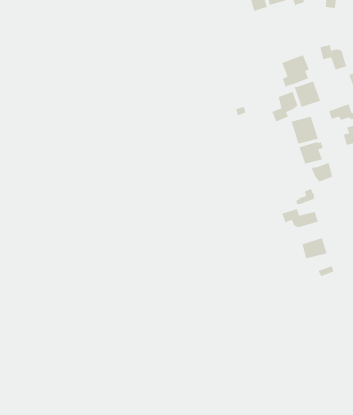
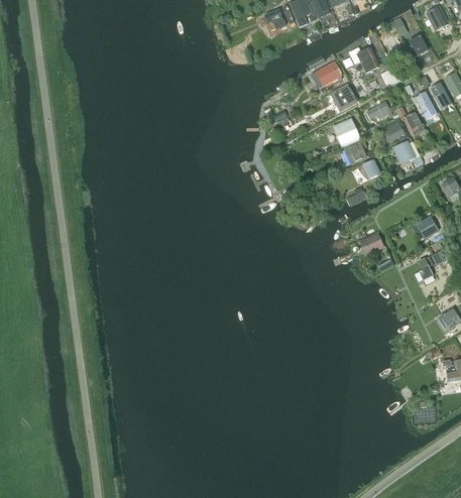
building: [271,91,298,122] -> none
building: [281,208,319,228] -> none

